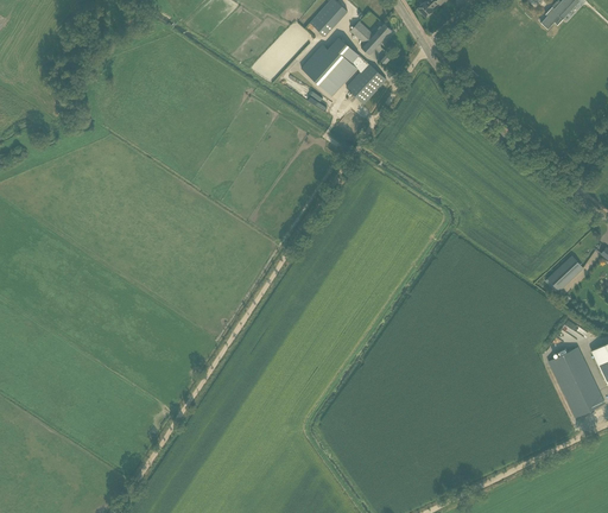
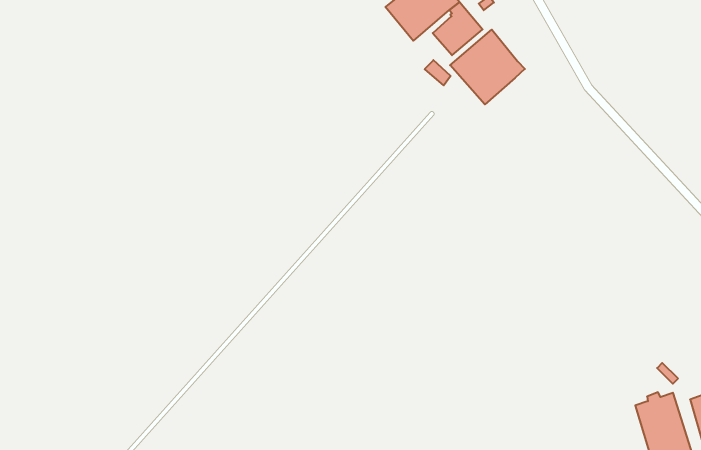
building: none -> [450,30,525,104]
building: [549,255,584,291] -> none

